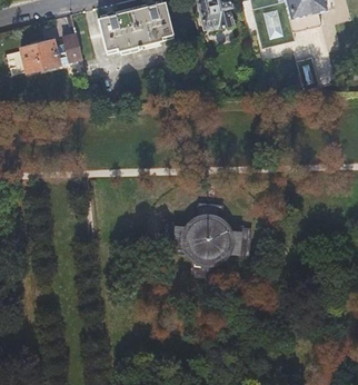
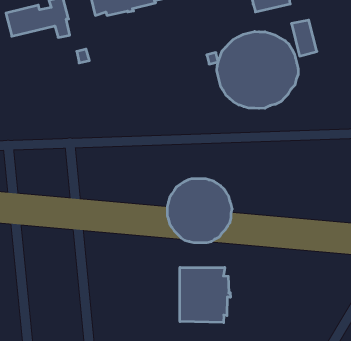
building: none -> [217,31,298,108]
building: none -> [180,267,230,323]

